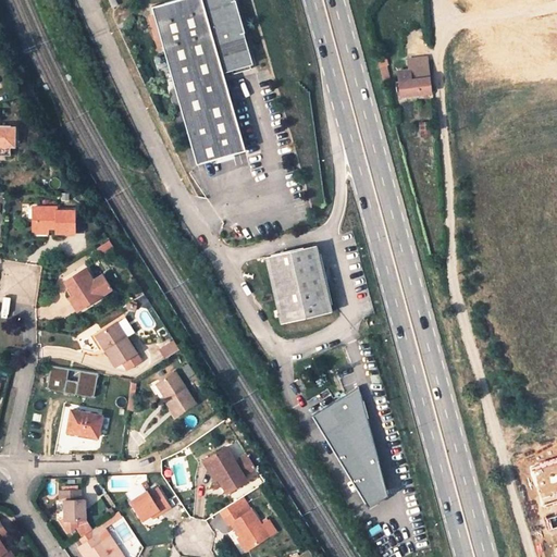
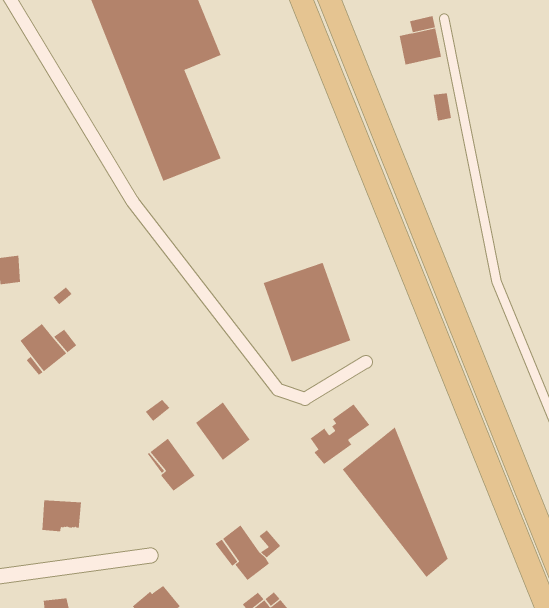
building: [99,323,140,368] -> none
building: none -> [195,402,251,461]
building: none -> [310,403,370,465]
building: [46,366,98,397] -> none

